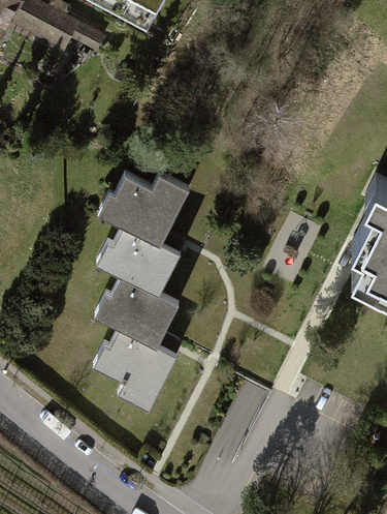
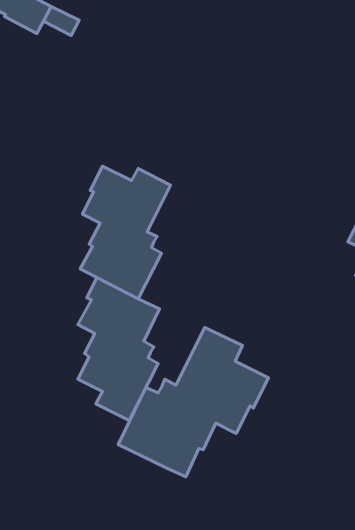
building: none -> [118,327,268,477]

